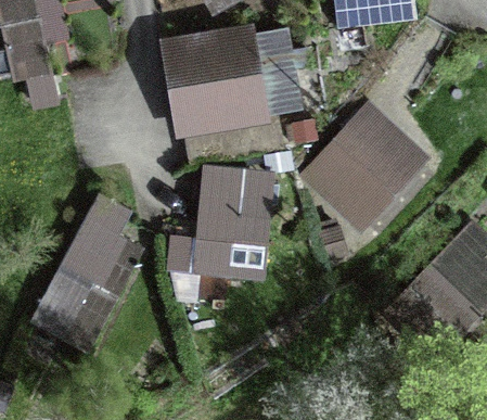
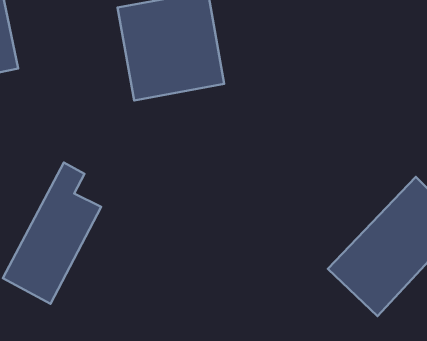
building: [304,102,430,229] -> none
building: [192,167,272,279] -> none

